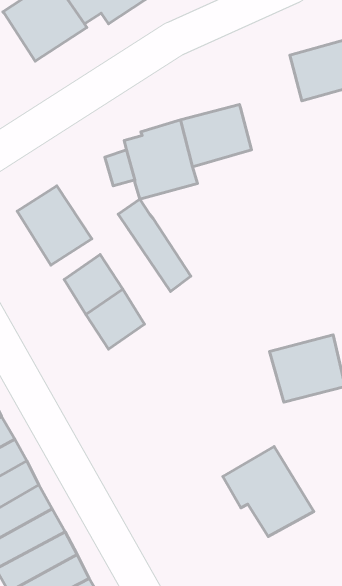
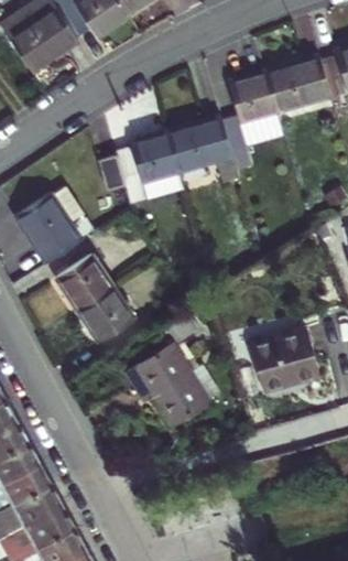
building: none -> [224,69,280,157]
building: [118,199,191,291] -> none
building: [223,447,314,537] -> [127,344,210,427]

